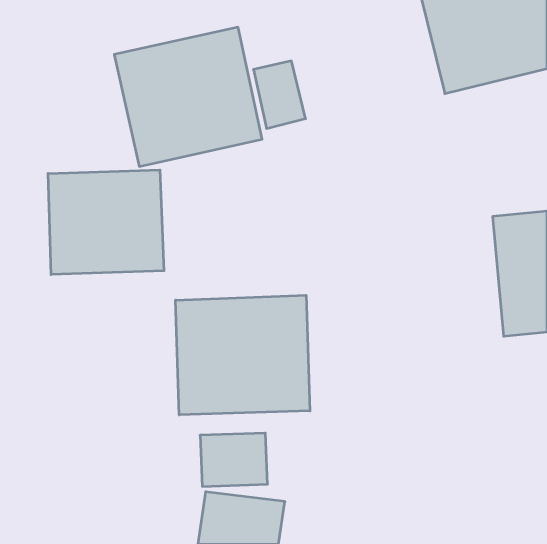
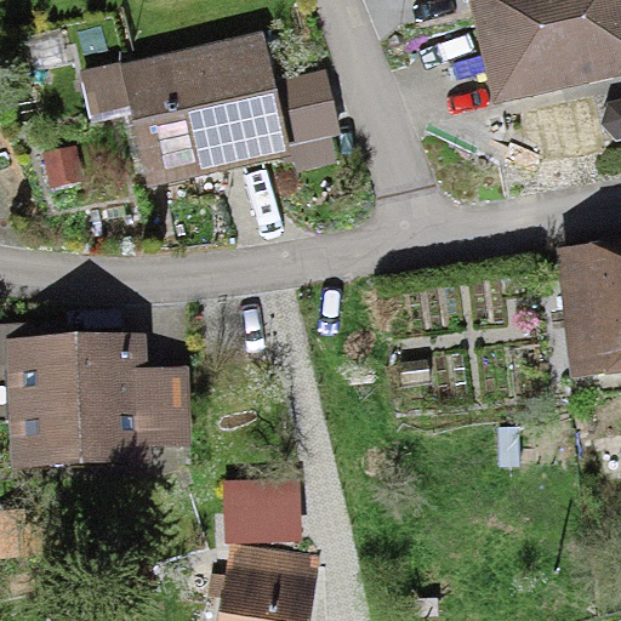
building: [48,170,164,275] -> none
building: [176,295,310,415] -> none
building: none -> [5,334,192,482]

